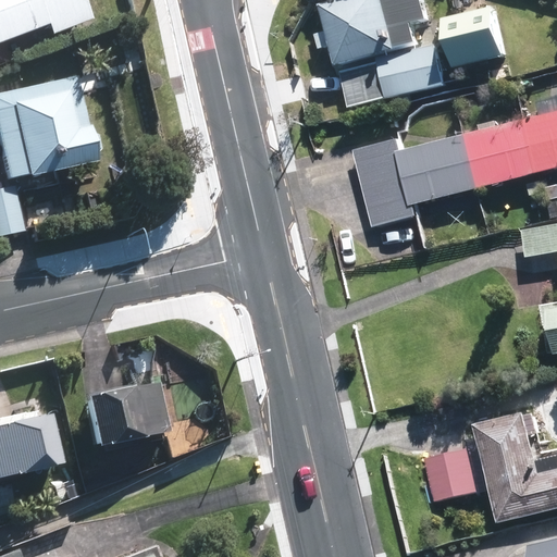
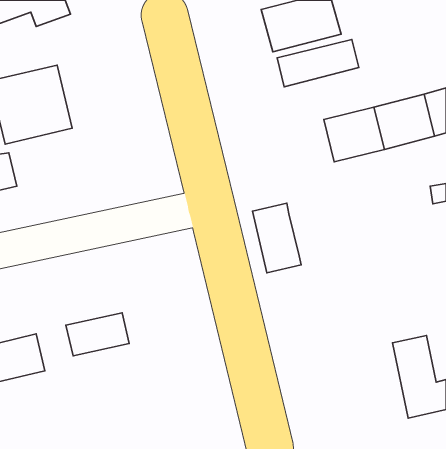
building: [444,13,504,63] -> none
building: [356,135,416,221] -> [253,203,301,273]
building: [424,453,478,498] -> none

